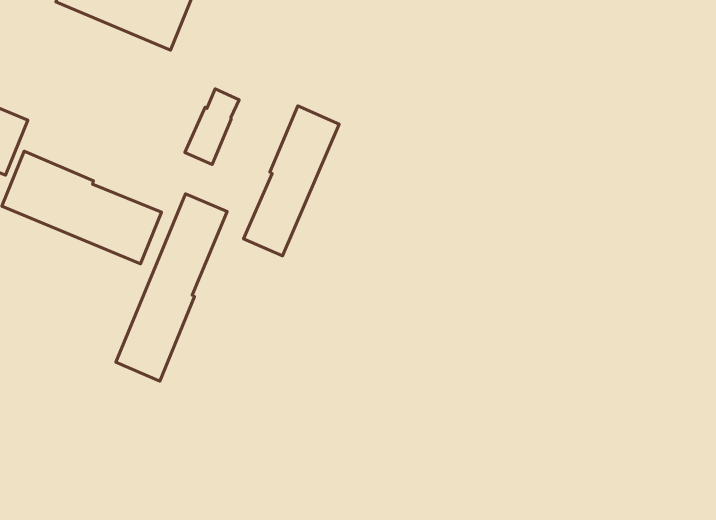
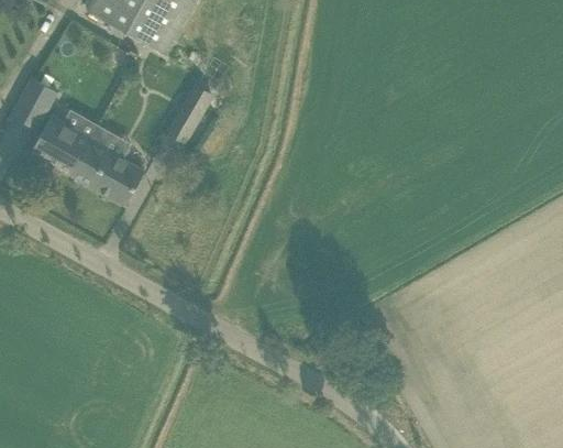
building: [243,106,339,256] -> none
building: [116,194,227,381] -> none

